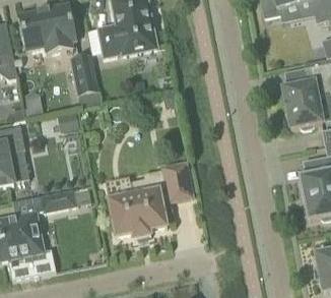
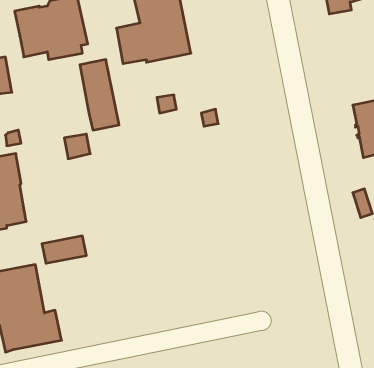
building: [107,162,192,238] -> none

